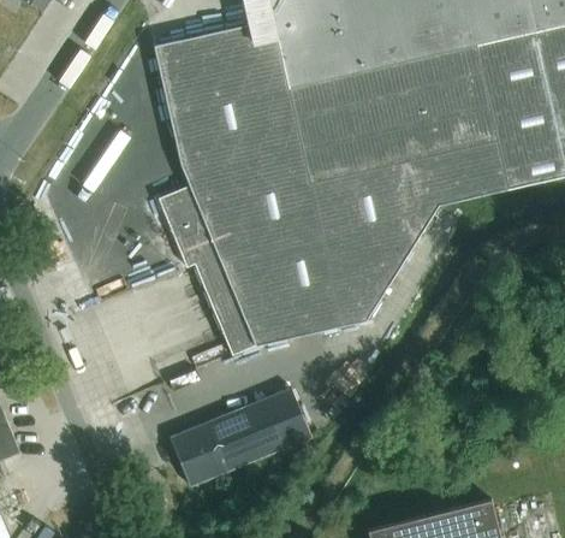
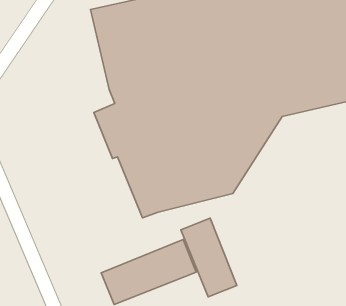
building: none -> [181,218,237,297]

